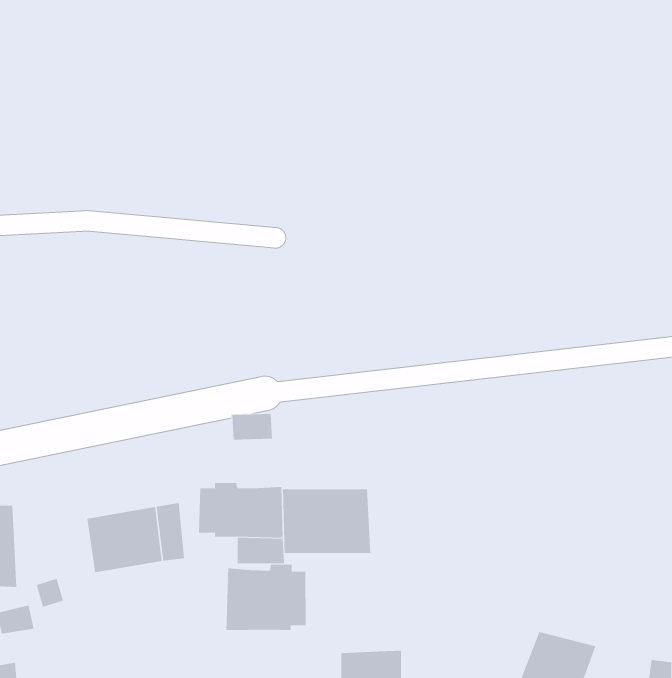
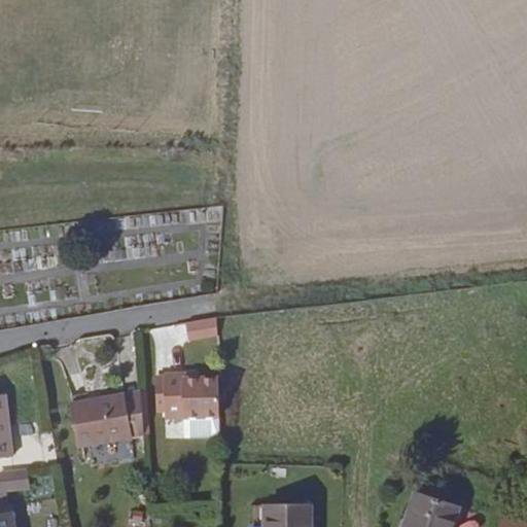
building: [282,489,371,554] -> none
building: [226,564,306,631] -> none

